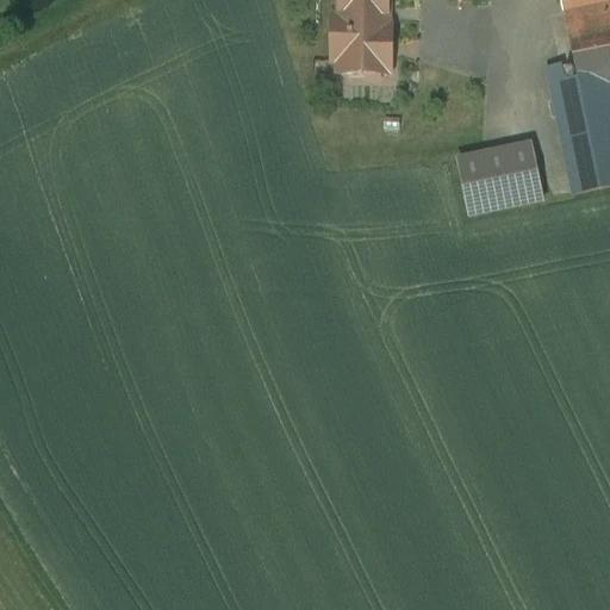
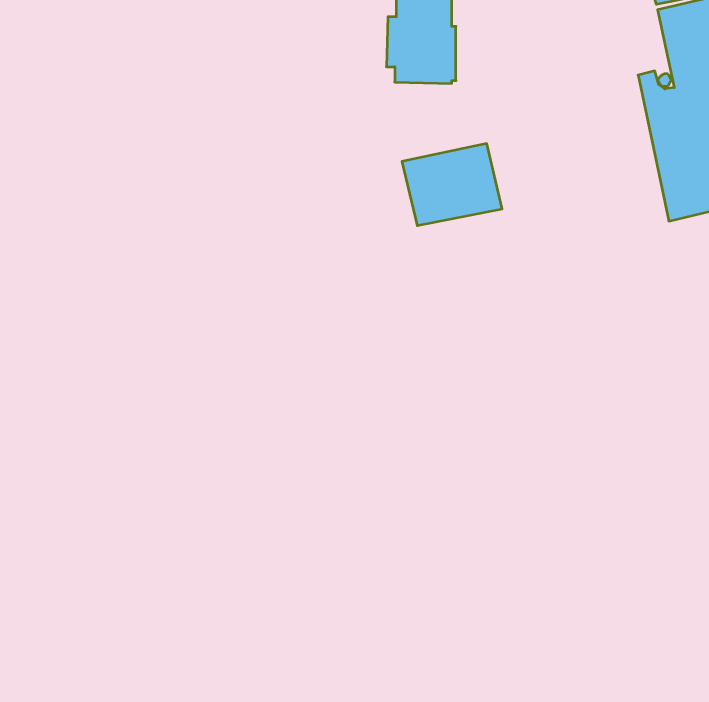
building: [459,141,544,211] -> [402,144,502,226]

